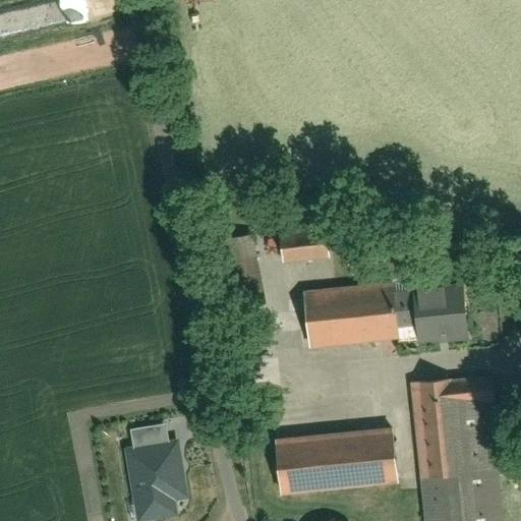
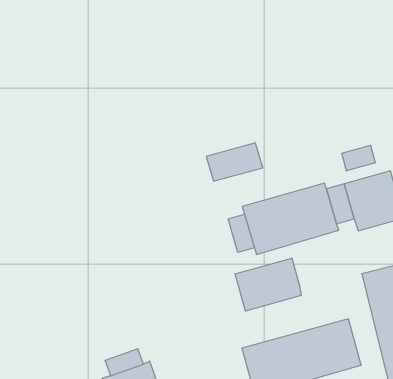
building: none -> [342,145,375,171]
building: none -> [228,214,254,252]
building: none -> [235,258,301,311]

